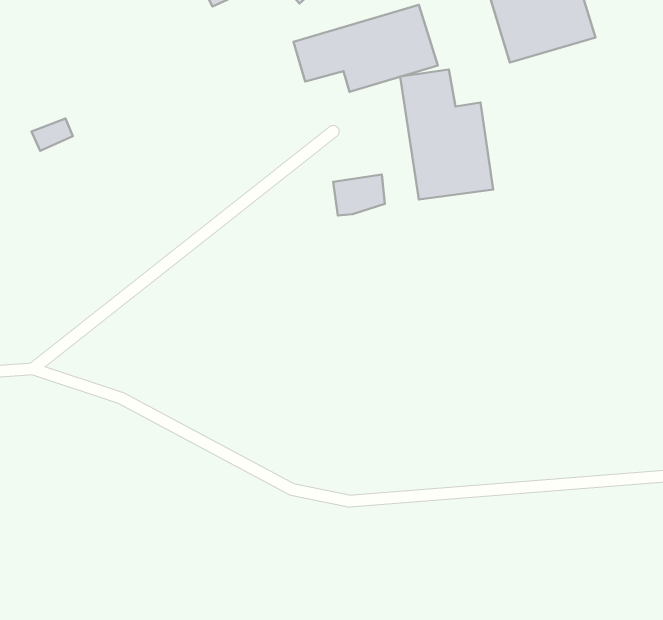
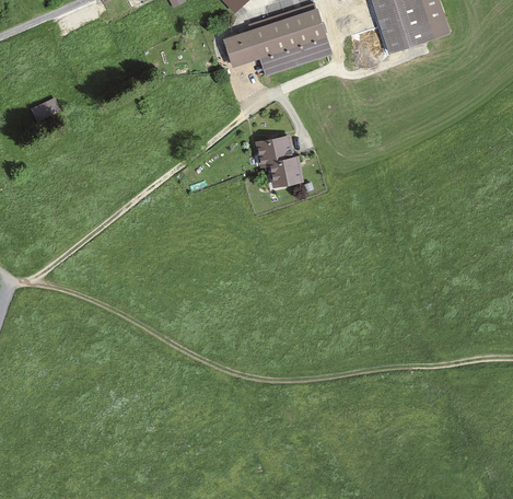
building: [400,69,493,199] -> none
building: none -> [268,156,304,186]

